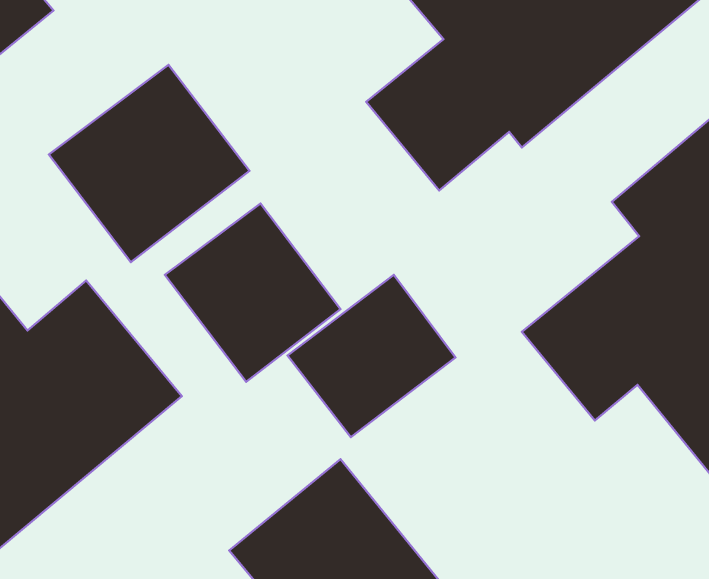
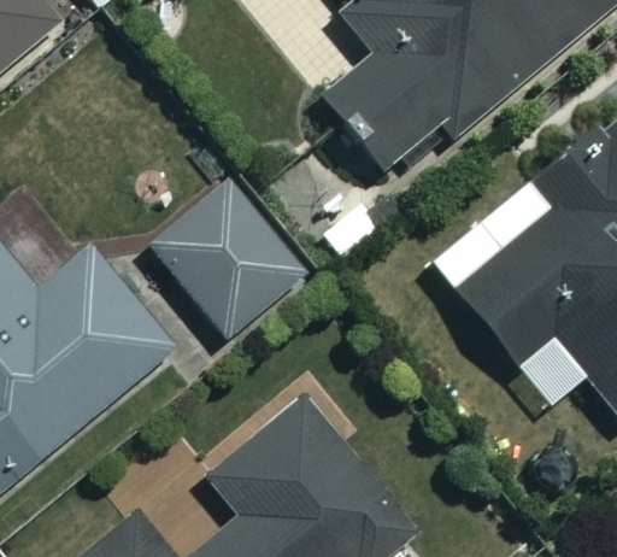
building: [49,65,249,262] -> none
building: [288,275,456,437] -> none

